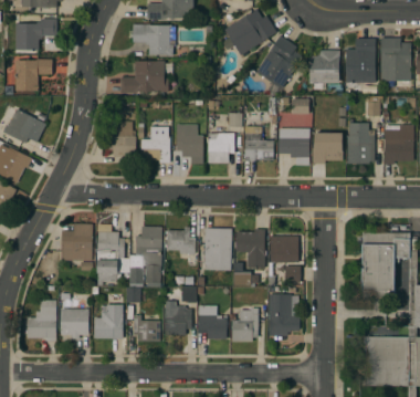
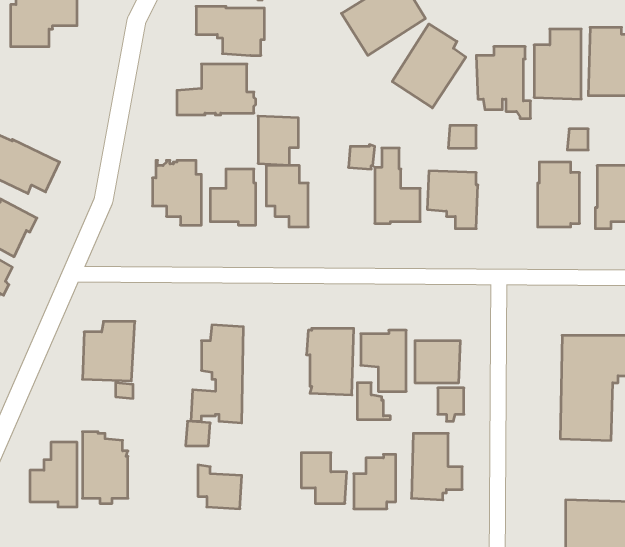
building: [14,59,52,91] -> none
building: [208,133,233,164] -> [258,116,298,165]
building: [312,133,343,164] -> none
building: [96,223,128,285] -> none
building: [166,227,196,254] -> none
building: [164,286,196,336] -> none
building: [93,304,123,338] -> none

